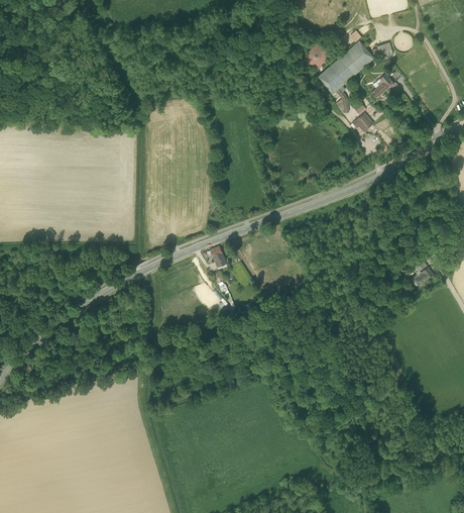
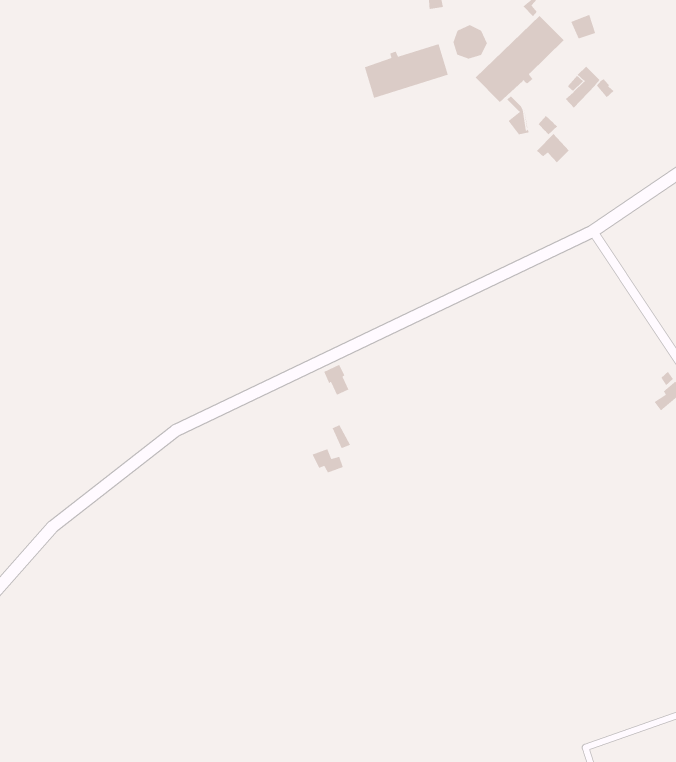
building: none -> [364,43,449,99]

